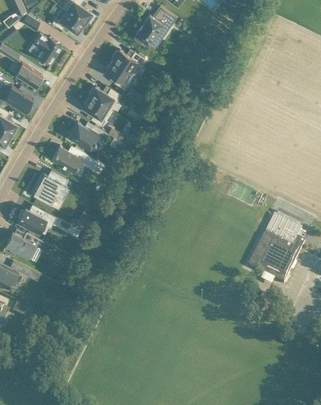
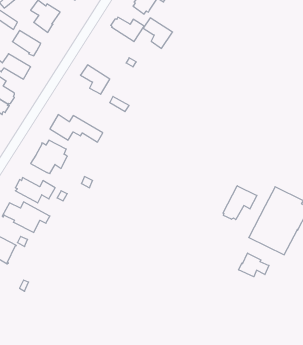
building: [105,60,134,90] -> [143,18,173,48]
building: [87,87,120,111] -> none
building: [69,122,106,149] -> none
building: none -> [223,186,257,220]
building: none -> [239,253,269,277]

